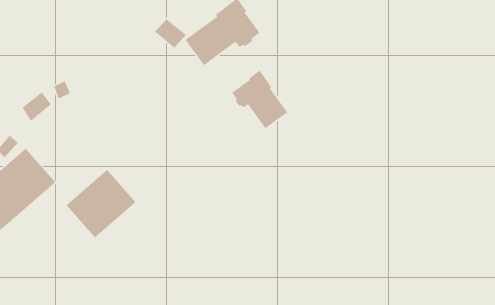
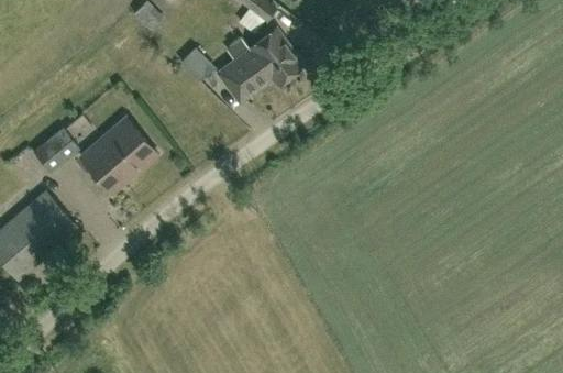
building: [231,69,288,129] -> none
building: [66,169,136,239] -> [79,117,156,193]

